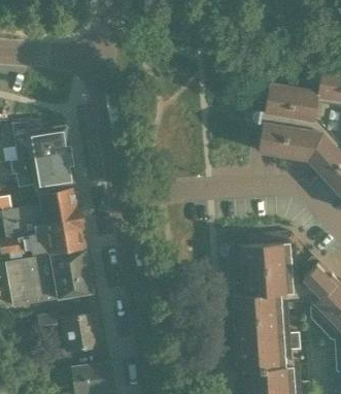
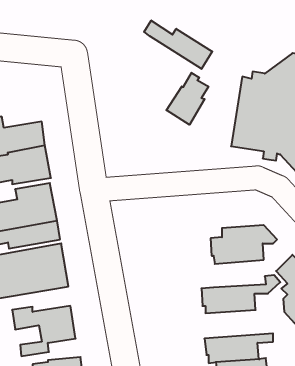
building: none -> [144,20,212,69]
building: none -> [166,73,208,125]
building: [239,267,293,295] -> none
building: [230,318,300,347] -> none

